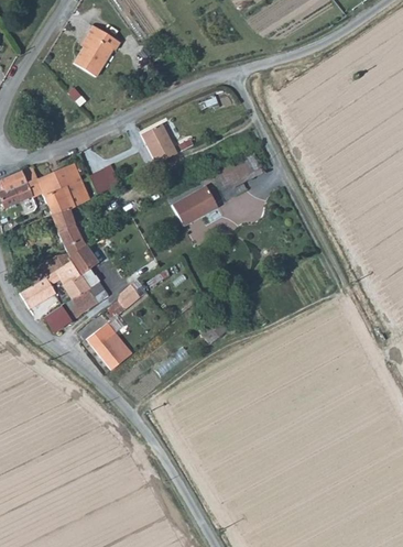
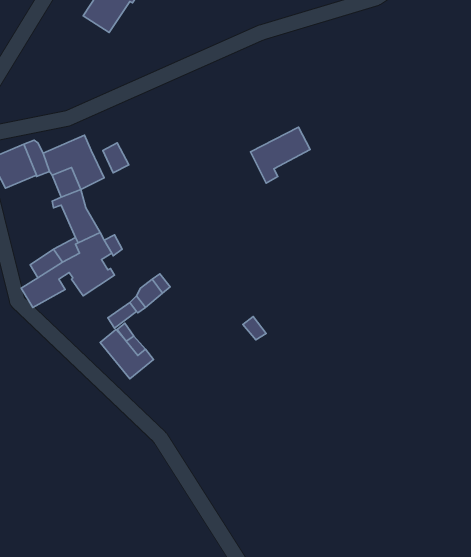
building: [140,124,176,165] -> none
building: [171,185,216,222] -> none
building: [44,282,105,332] -> none

